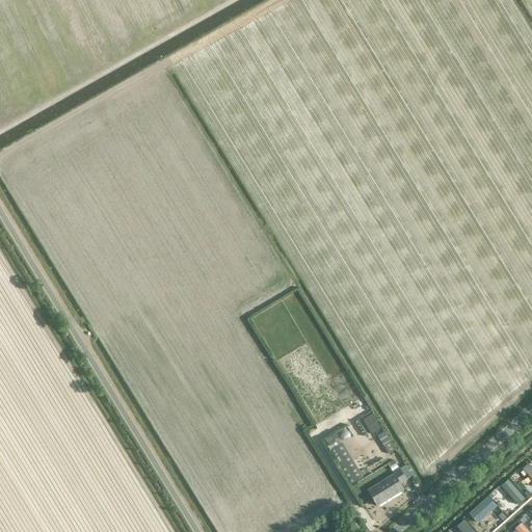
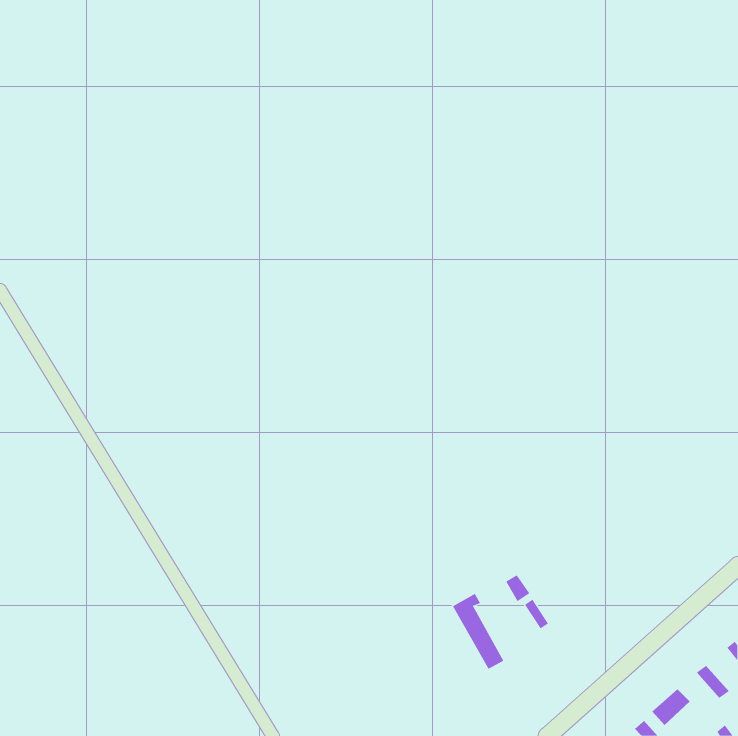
building: [368,467,406,505] -> none

